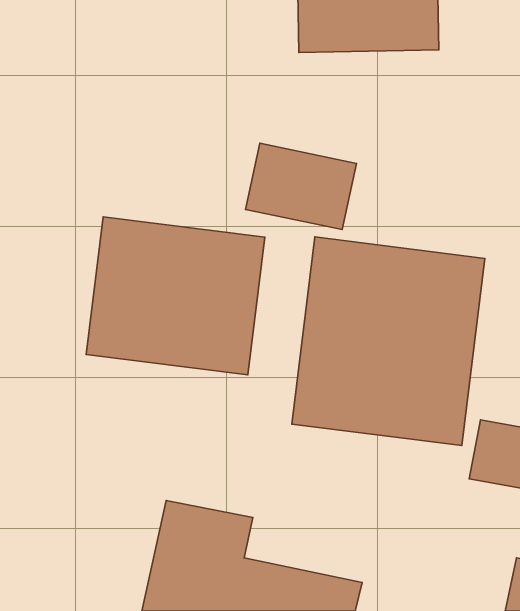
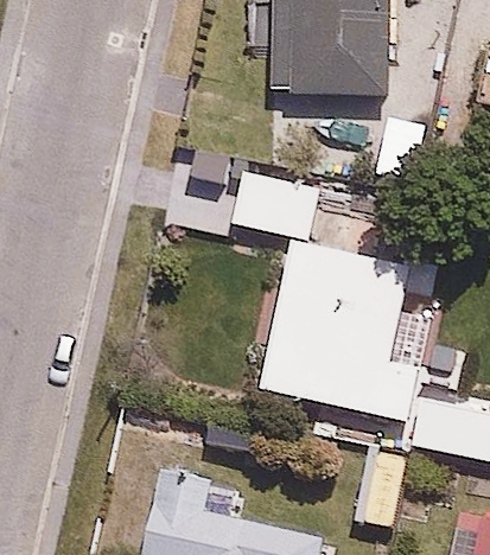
building: [86,217,265,375] -> none

